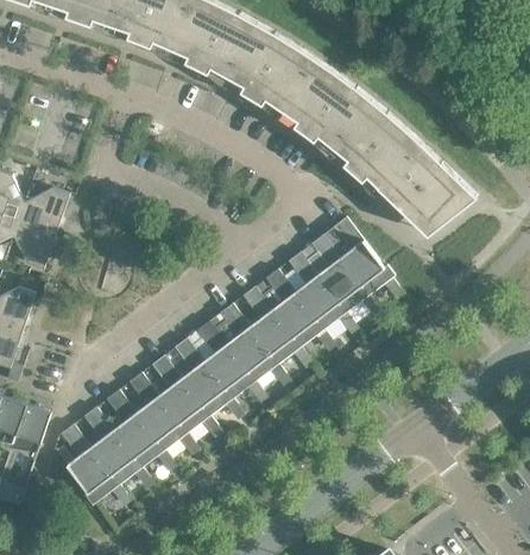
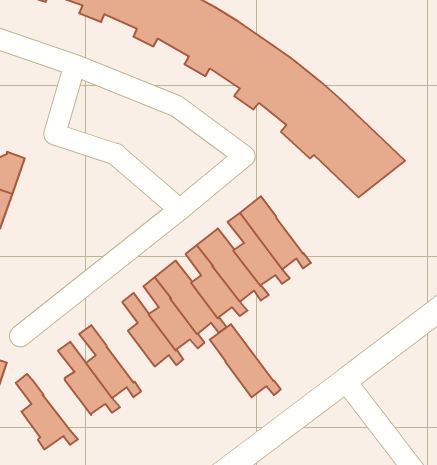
building: [330,217,397,296] -> none
building: [139,355,215,434] -> [210,324,281,397]
building: [77,406,147,485] -> none

